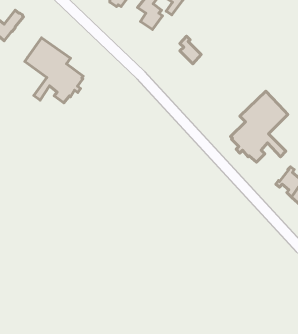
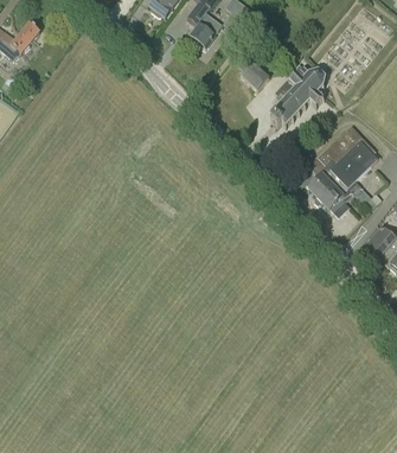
building: [25,38,83,103] -> none
building: none -> [269,65,326,128]

